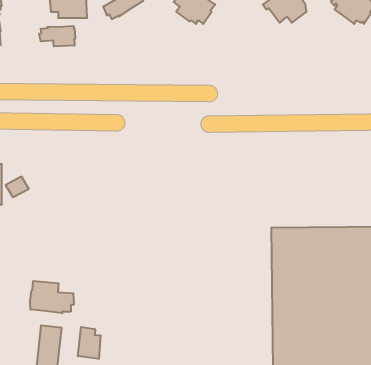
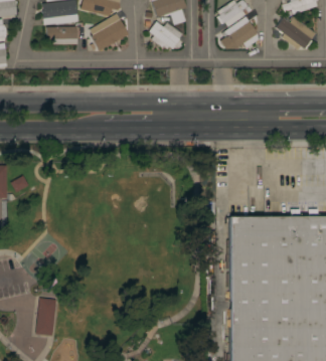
building: [39,26,75,47] -> none
building: [30,281,74,313] -> none
building: [78,327,101,359] -> none

